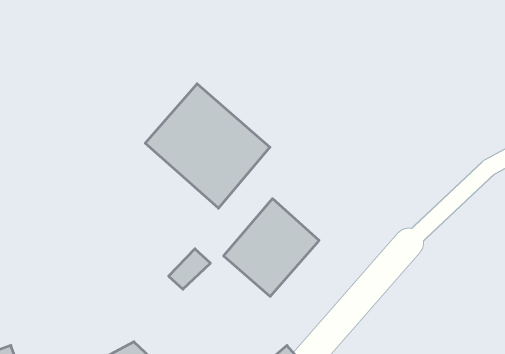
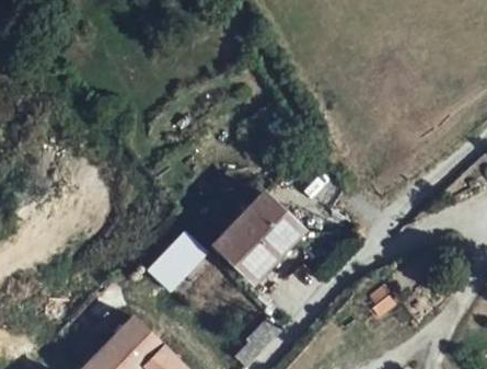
building: [145,84,270,208] -> none

